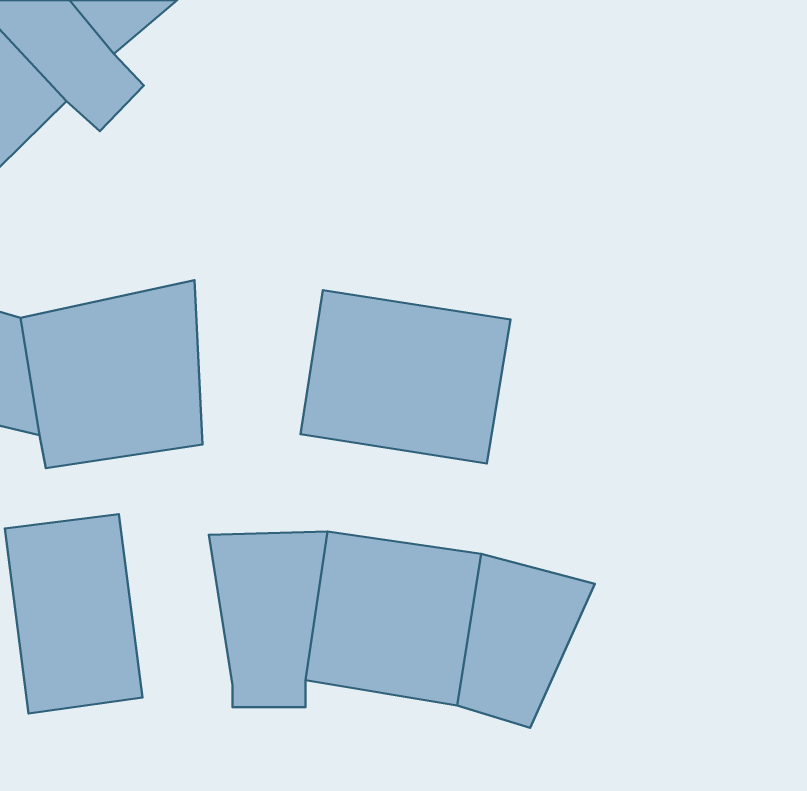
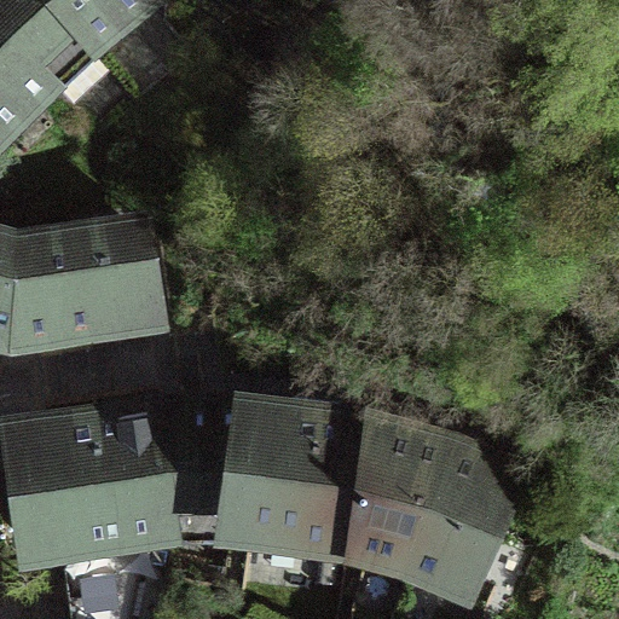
building: [301,290,511,464] -> none
building: none -> [91,399,178,546]
building: none -> [405,459,511,598]

